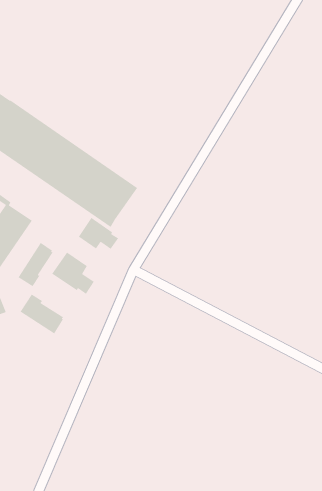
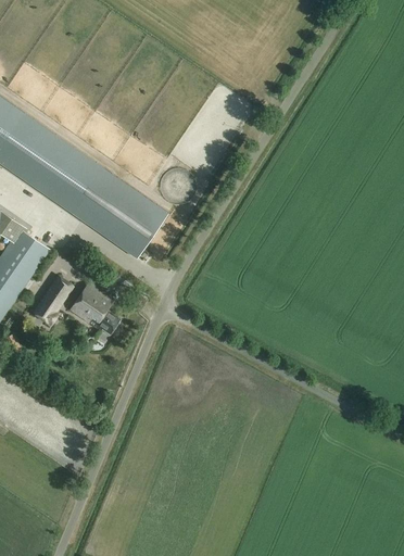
building: [78,217,119,250] -> none
building: [19,294,65,335] -> none

